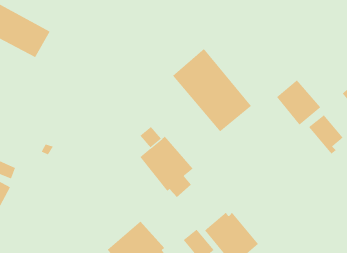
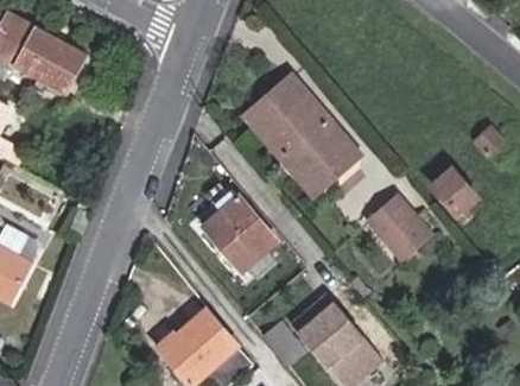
building: [276,80,321,126] -> [367,197,427,259]

